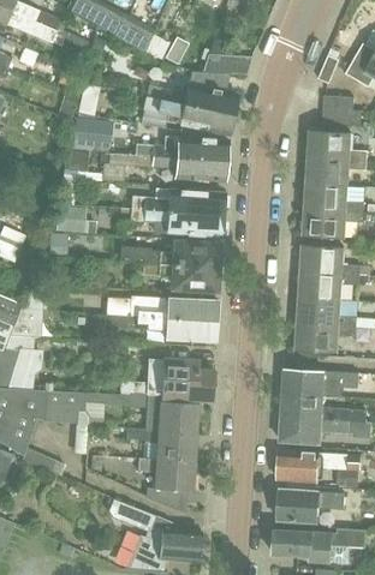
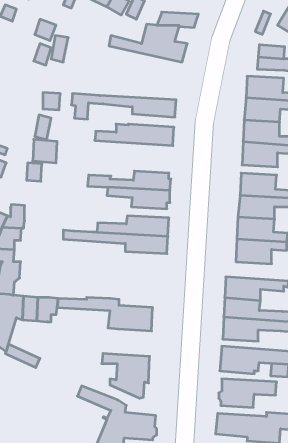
building: [142,96,232,134] -> none
building: [73,118,113,150] -> none
building: [135,136,226,160] -> none
building: [119,208,221,236] -> none
building: [119,359,212,400] -> none
building: [126,429,196,462] -> none

